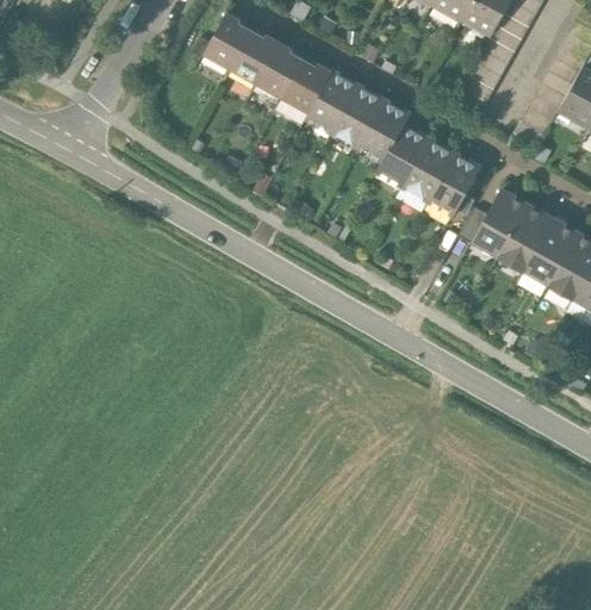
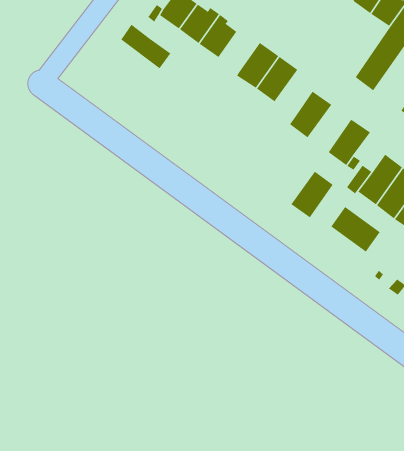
building: [285,63,332,112] -> none
building: none -> [120,24,171,69]
building: [360,101,410,158] -> none
building: [405,139,455,198] -> [290,171,334,218]
building: none -> [330,206,380,253]

